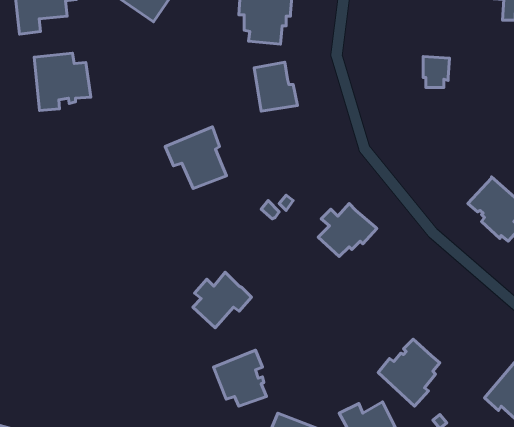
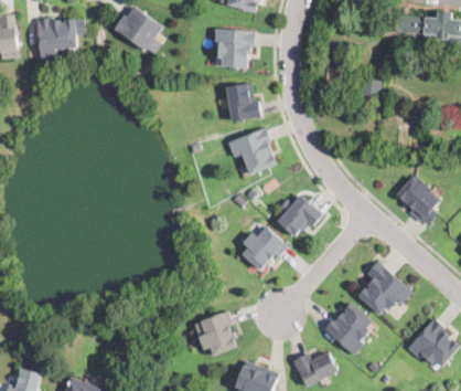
building: [34,53,91,110] -> none
building: [165,127,227,188] -> [227,126,276,175]
building: [193,272,252,328] -> [240,225,287,270]
building: none -> [356,261,411,315]

